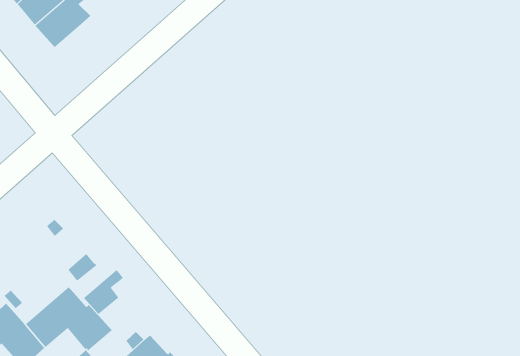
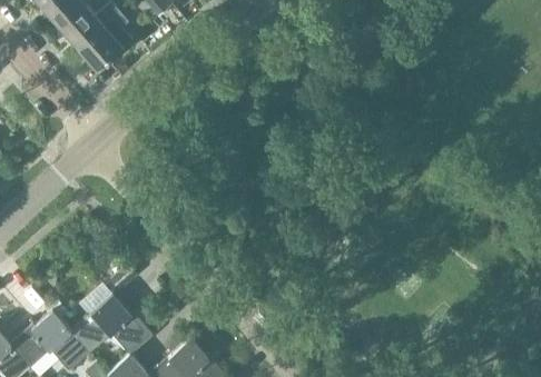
building: [83,269,124,315] -> none

